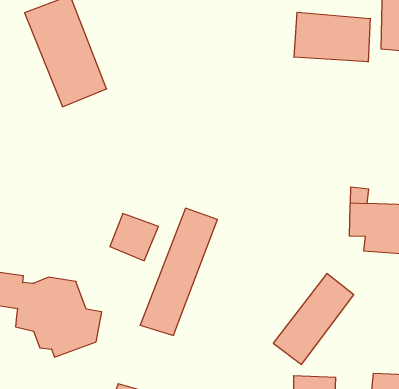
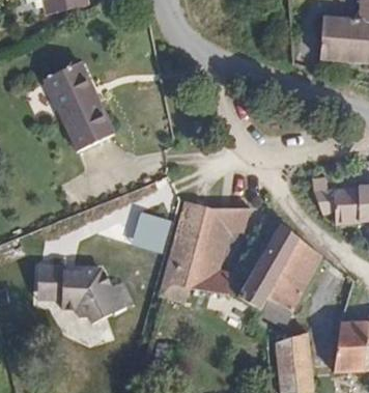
building: [294,12,370,62] -> none
building: none -> [189,209,250,305]
building: none -> [233,230,301,319]

